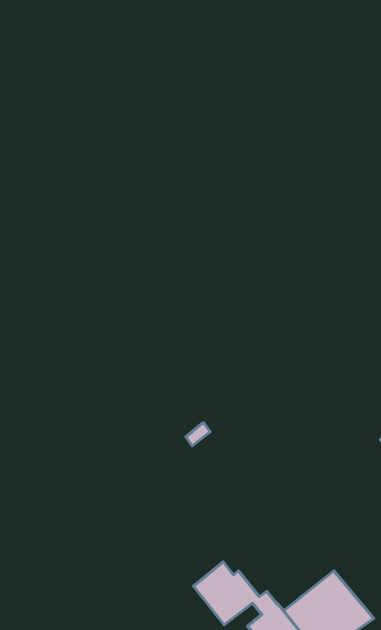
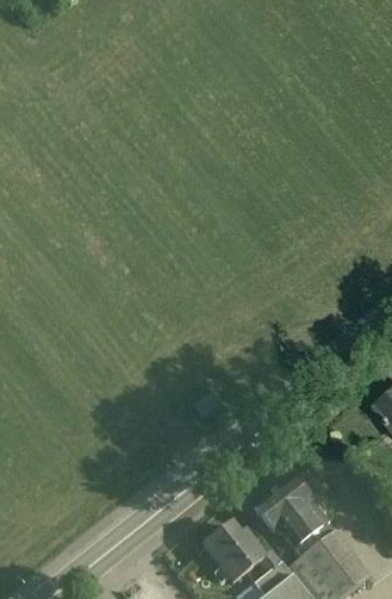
building: none -> [254,476,332,557]

